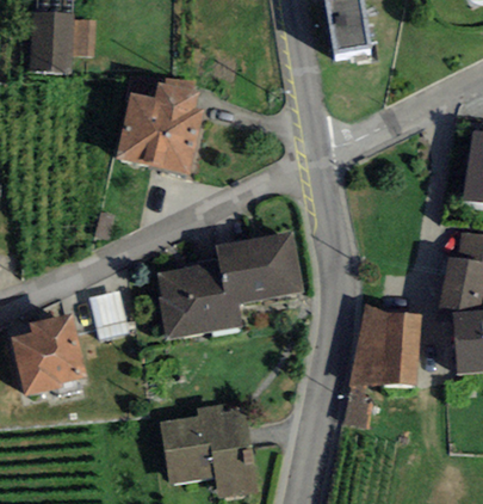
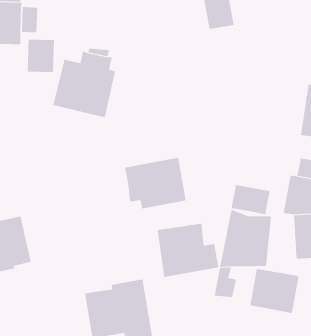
building: none -> [27,39,55,73]
building: [156,263,243,339] -> [157,223,219,278]
building: none -> [231,184,270,215]
building: [87,290,128,340] -> none
building: none -> [250,268,299,314]

